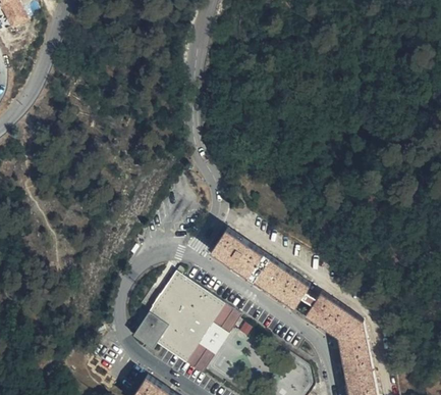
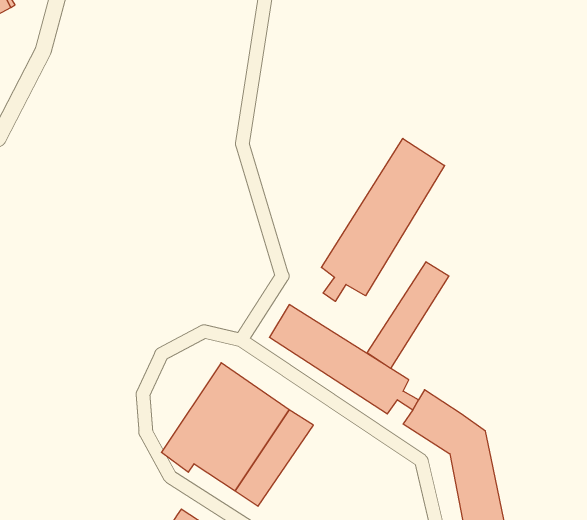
building: none -> [321,138,445,301]
building: none -> [367,262,449,368]

